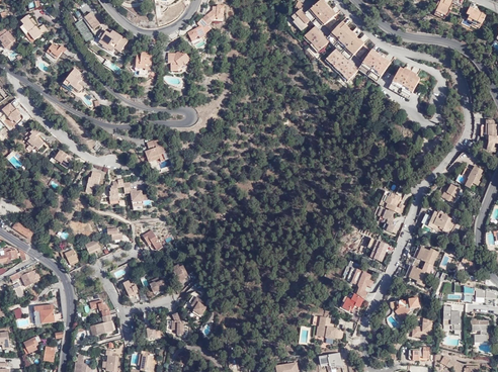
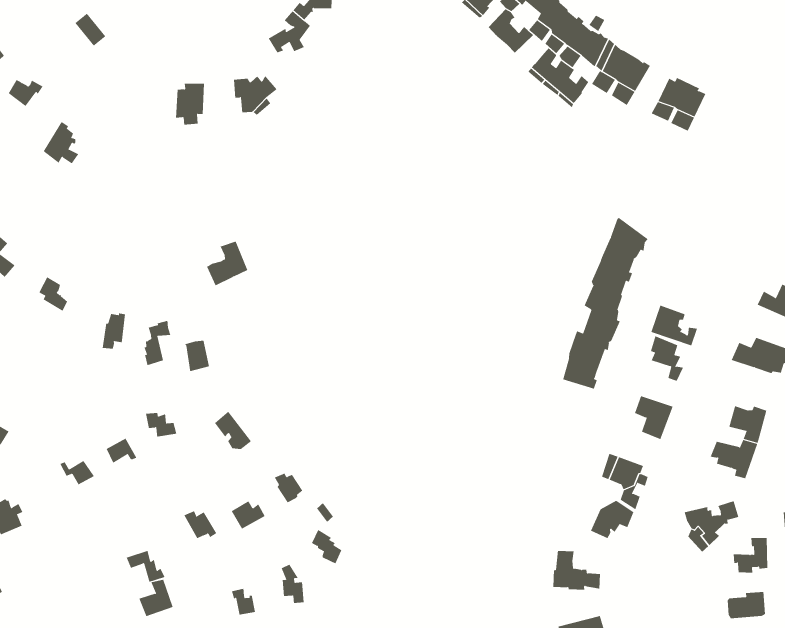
building: [99,29,128,52] -> none
building: none -> [562,217,648,389]
building: [33,303,61,323] -> none

